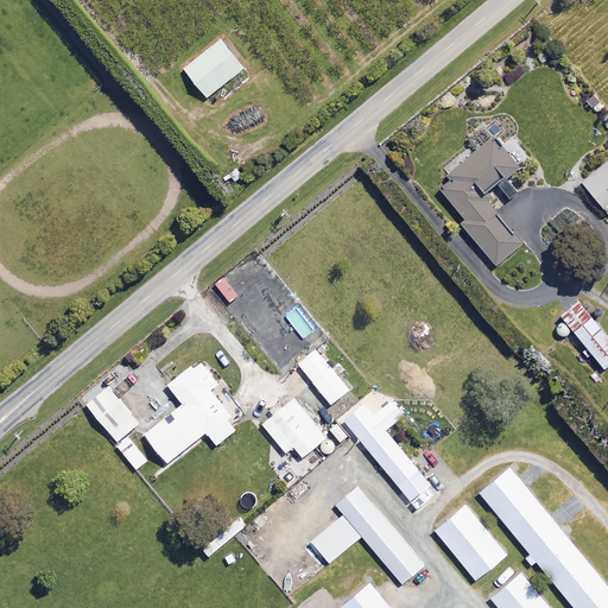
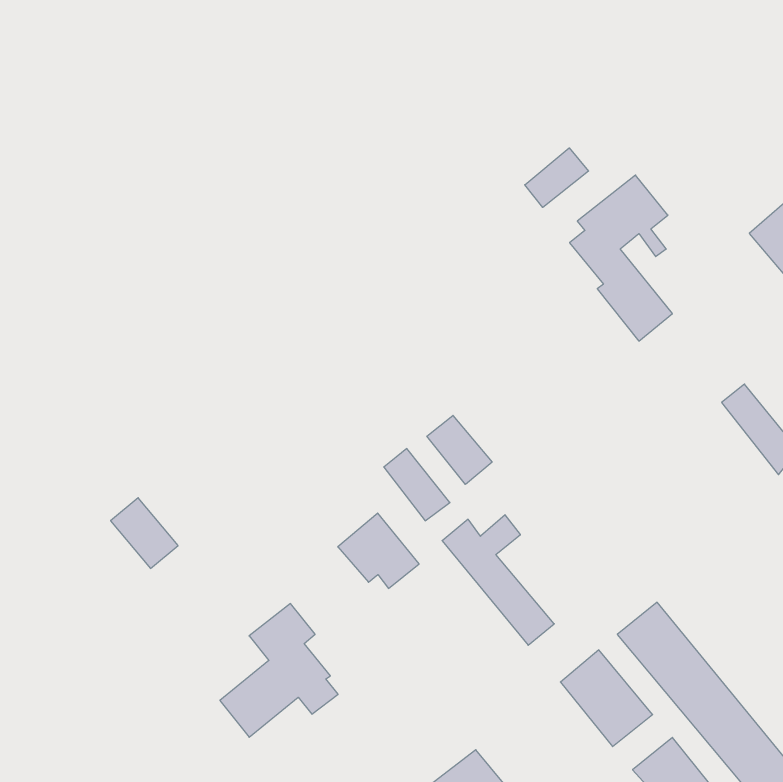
building: [184,40,243,99] -> none
building: none -> [525,148,589,207]
building: none -> [427,415,492,484]
building: [145,360,236,463] -> [220,604,338,737]
building: [311,487,424,584] -> none

